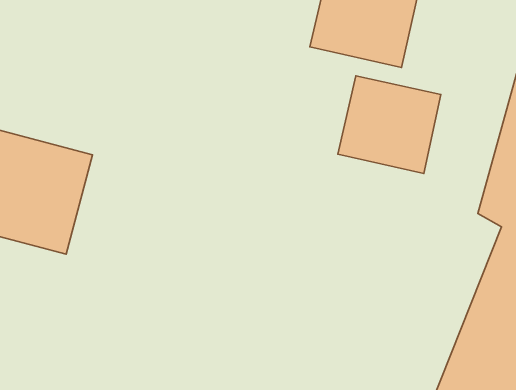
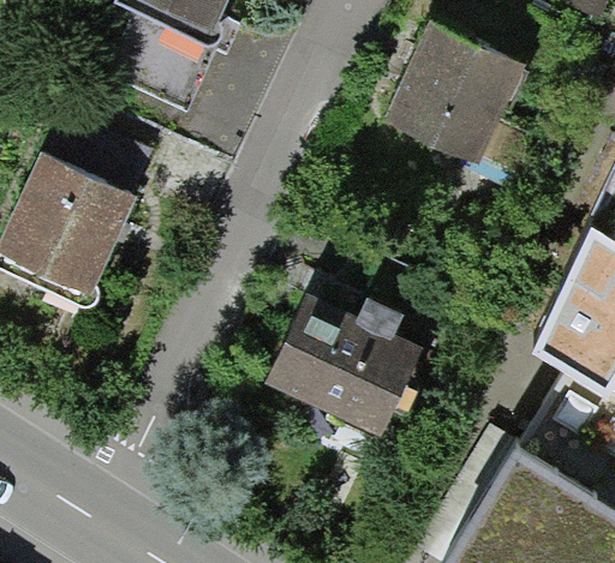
building: [338,76,441,173] -> none
building: none -> [274,297,425,431]

